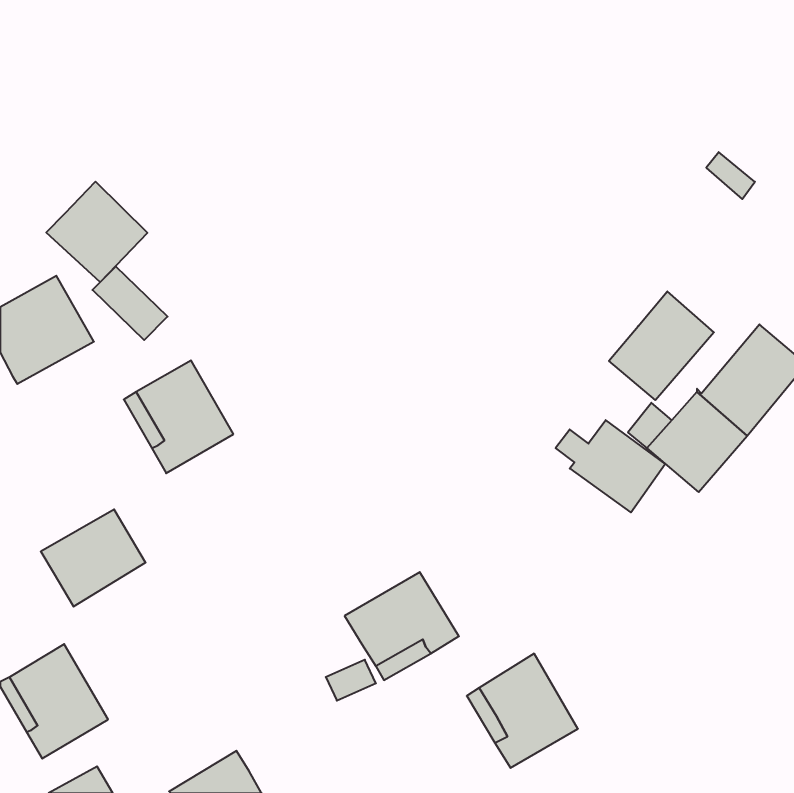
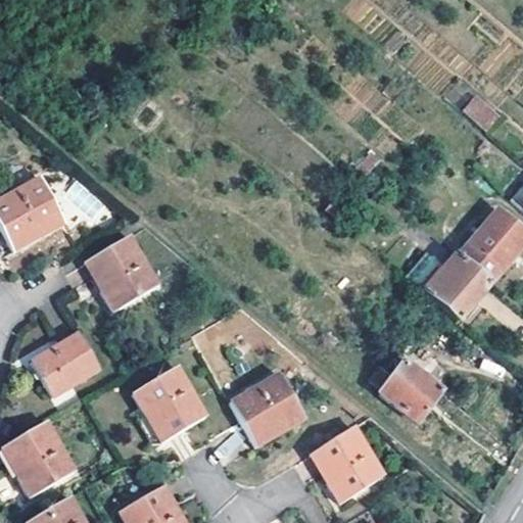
building: [46,182,147,282] -> none
building: [609,291,714,400] -> none
building: [556,420,665,512] -> [372,363,443,423]
building: none -> [132,368,204,442]

